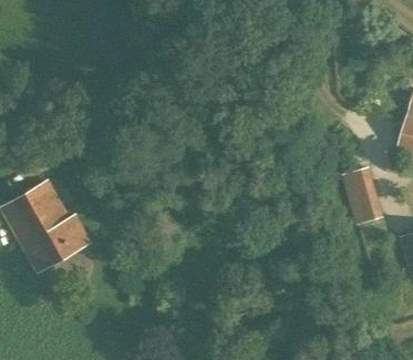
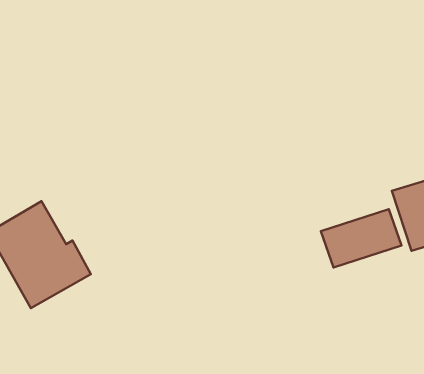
building: none -> [321,209,401,268]

